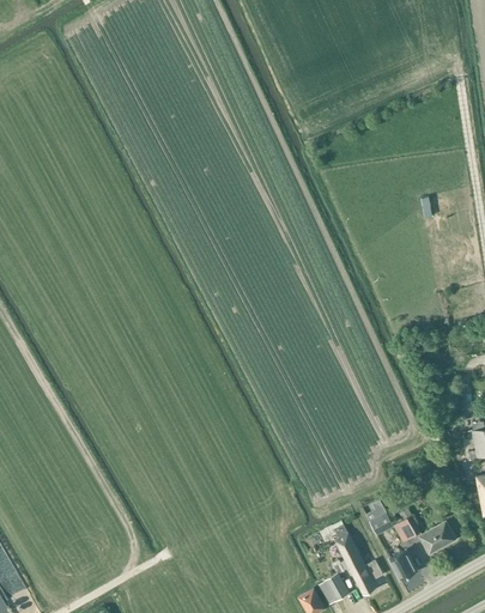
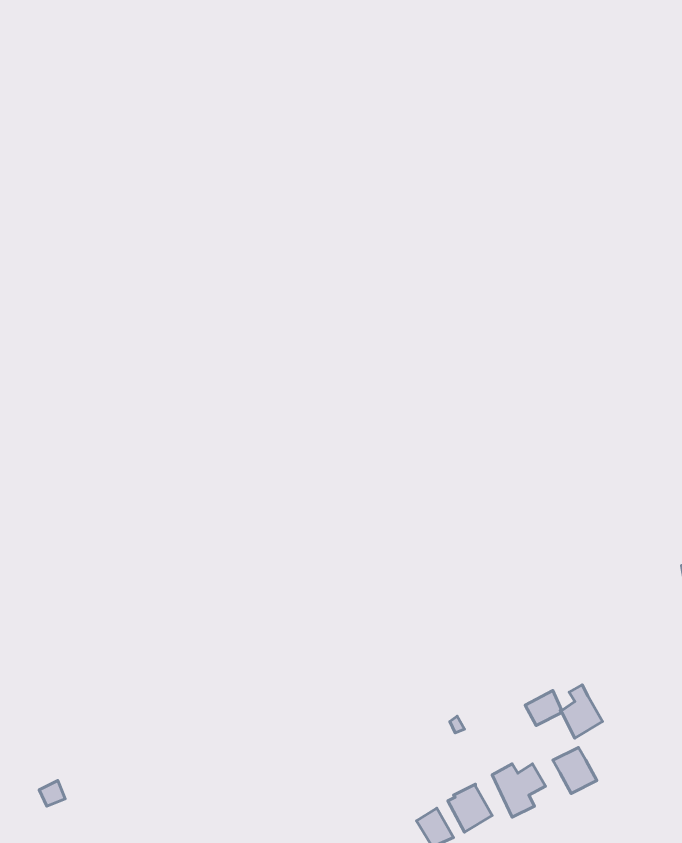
building: [333,521,363,570] -> none
building: [420,522,456,554] -> none

